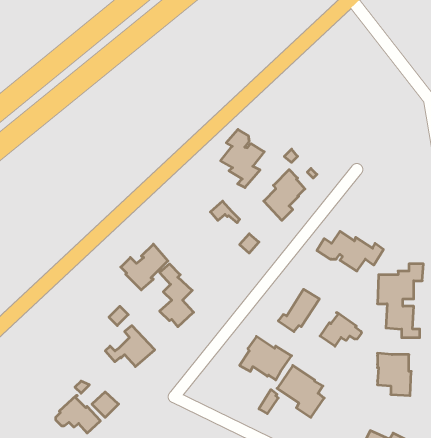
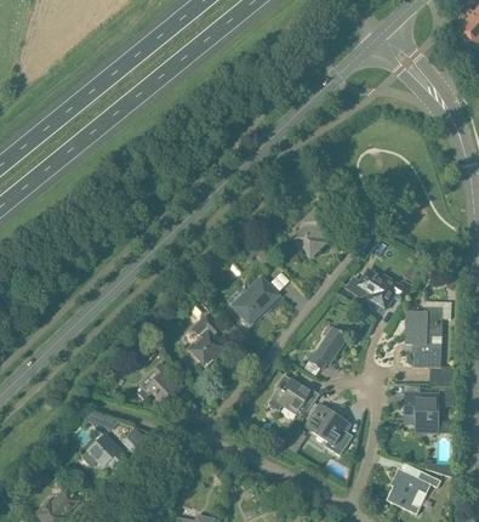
building: [221,129,264,188] -> none
building: [121,244,168,290] -> [228,277,275,323]
building: [320,313,361,346] -> none

